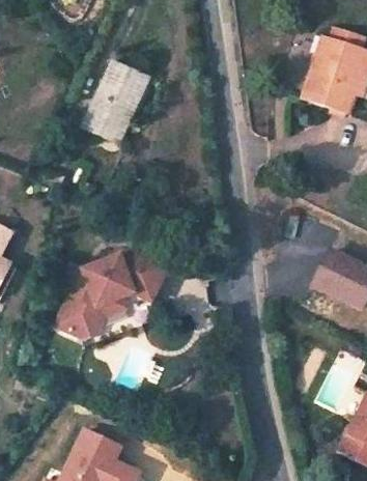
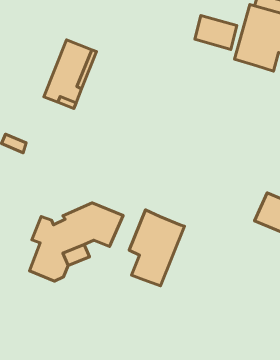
building: none -> [195,15,237,49]
building: none -> [129,210,184,286]

